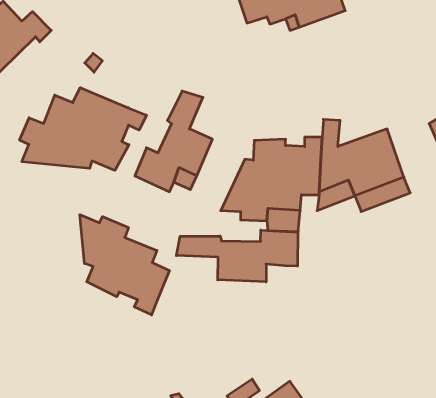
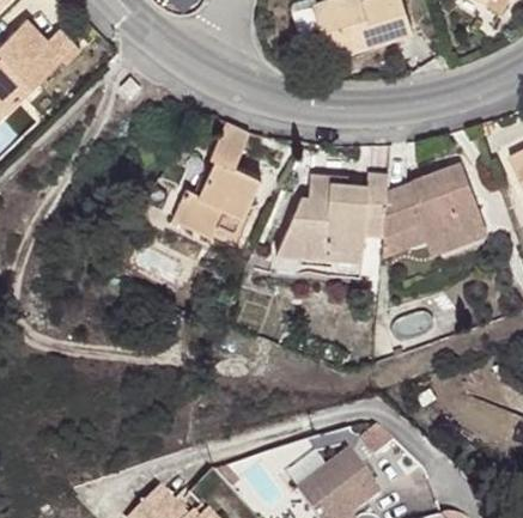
building: [20,88,146,170] -> none
building: [80,215,169,315] -> none
building: [176,230,298,282] -> none

